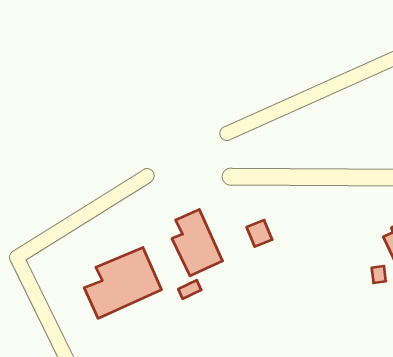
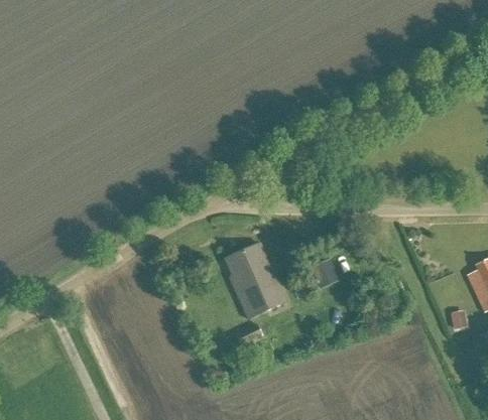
building: [84,247,161,318] -> none

